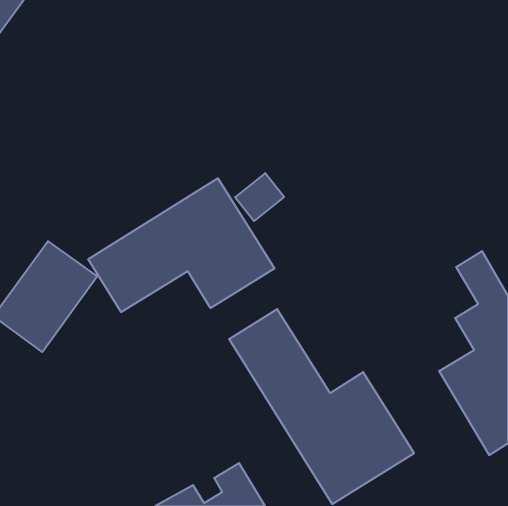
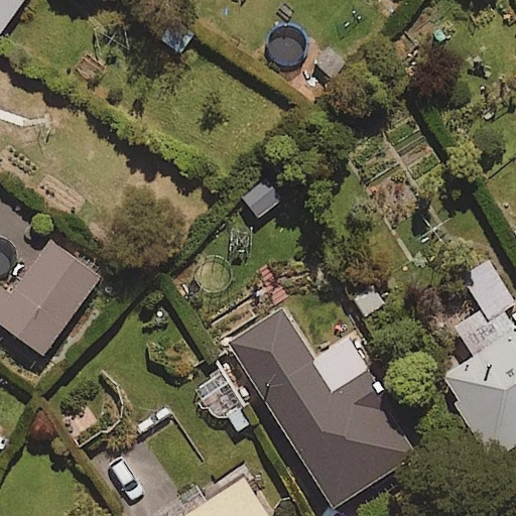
building: [88,178,274,312] -> none

